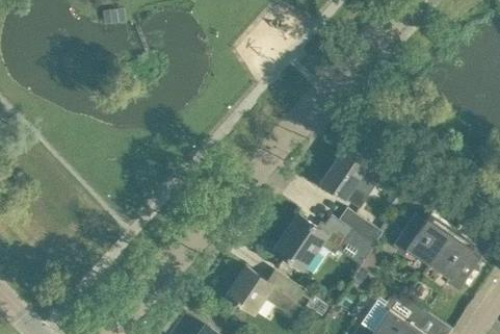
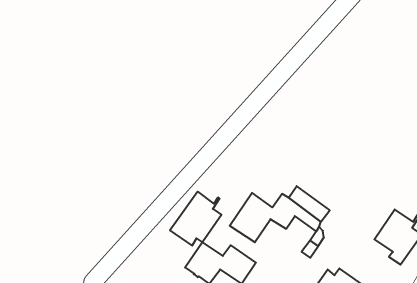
building: [320,152,379,209] -> none
building: [392,209,451,264] -> none
building: none -> [170,192,221,246]

